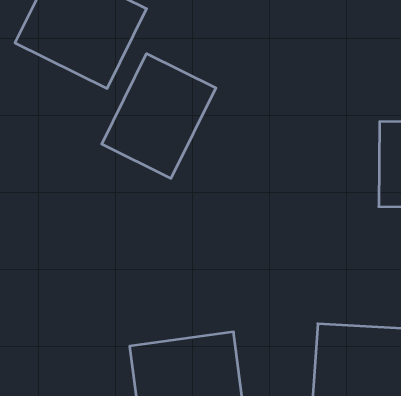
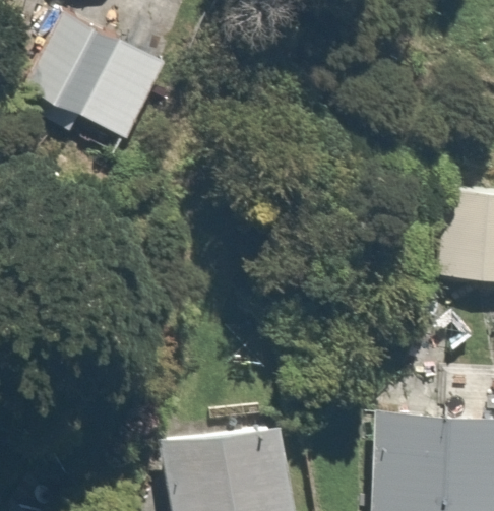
building: [102,54,216,178] -> none

